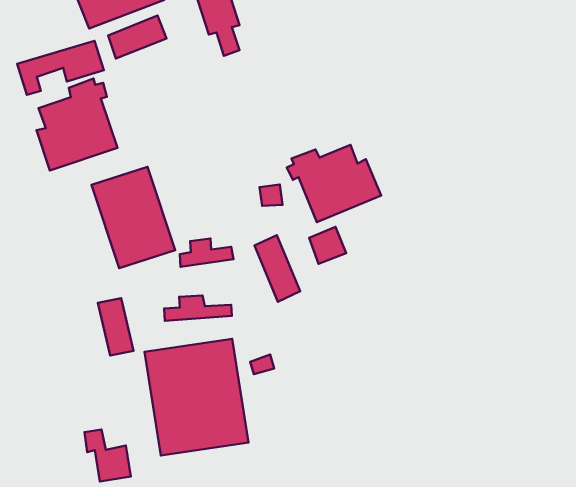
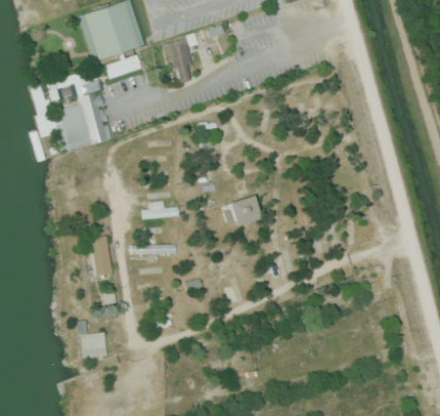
building: [287,145,381,222] -> none
building: [91,167,175,268] -> none
building: [254,235,300,302] -> none
building: [145,339,248,455] -> none

